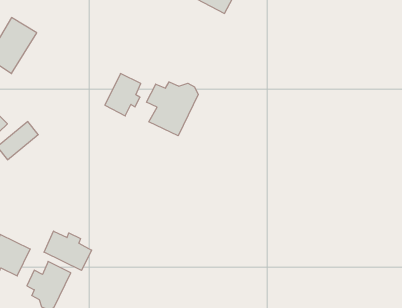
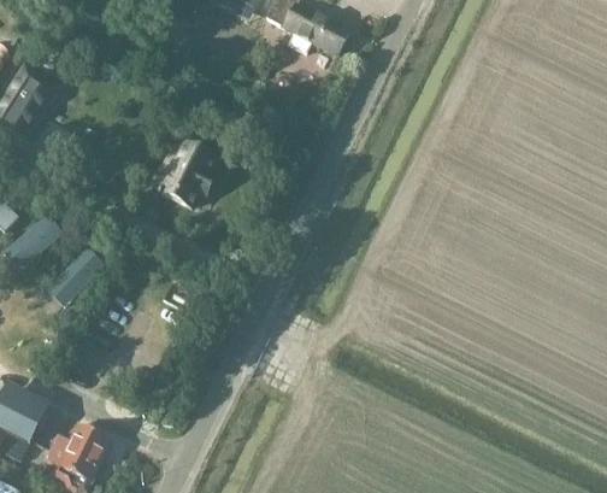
building: [147,82,198,136] -> none
building: none -> [47,247,104,304]
building: [44,231,92,270] -> none

